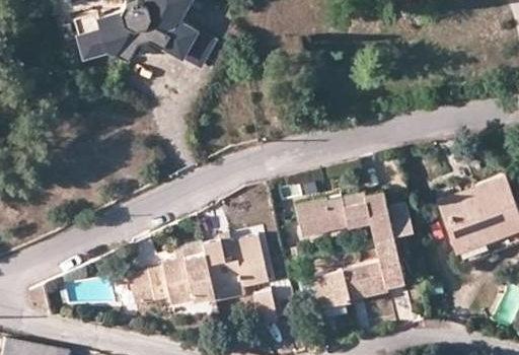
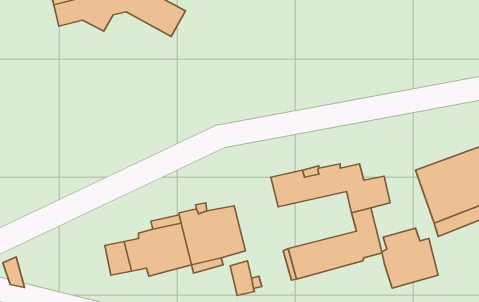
building: none -> [382,228,438,288]

